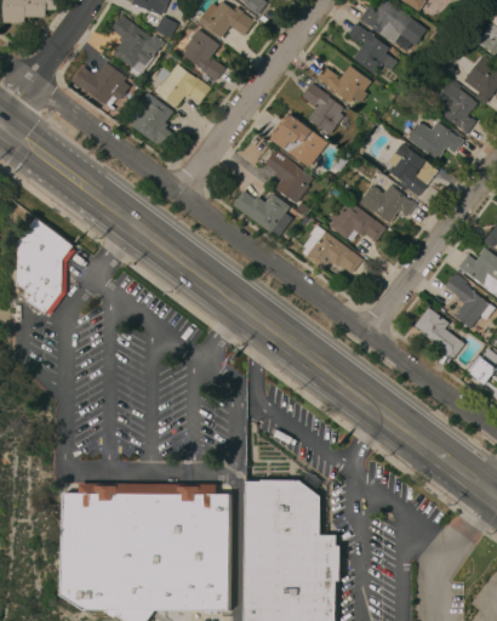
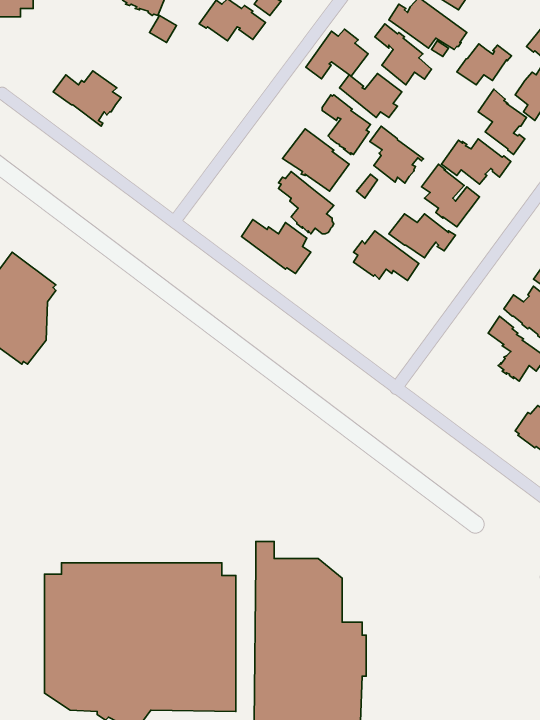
building: [110,15,164,75] -> none
building: none -> [306,29,368,79]
building: [184,30,225,81] -> none
building: none -> [457,44,512,85]
building: [156,64,211,107] -> none
building: [131,93,175,149] -> none
building: none -> [370,126,424,183]
building: [303,226,362,274] -> none
building: [415,308,464,358] -> none

